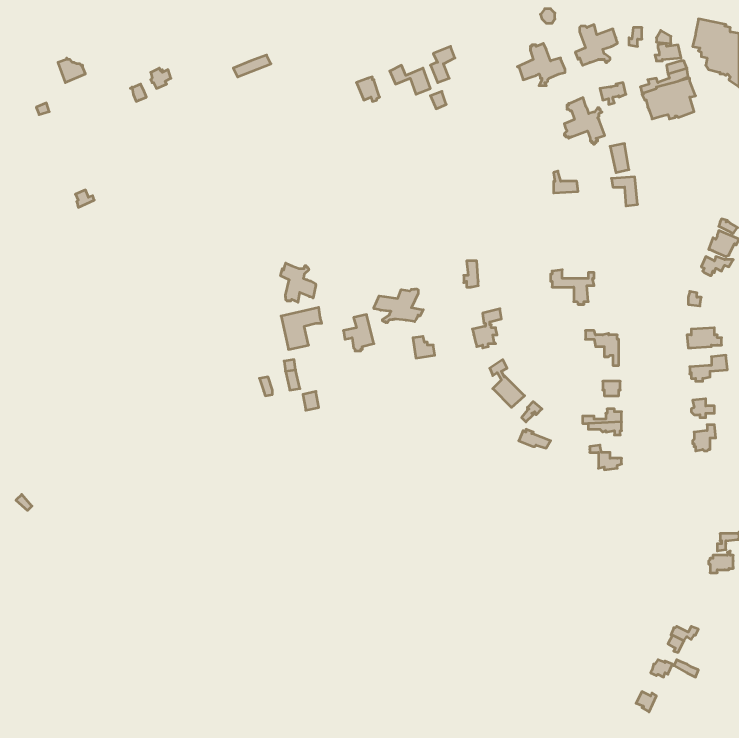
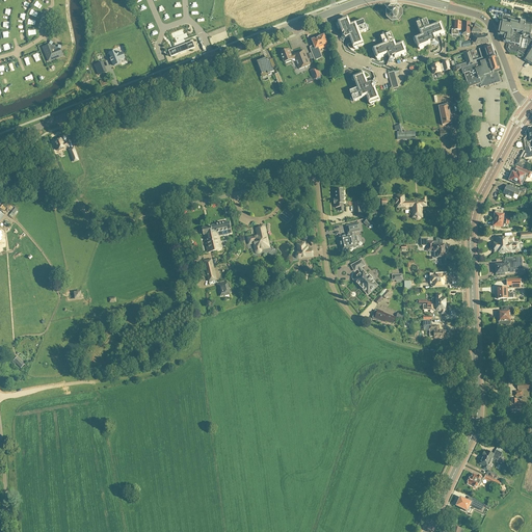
building: none -> [336,16,367,46]
building: [564,98,605,144] -> [349,71,378,104]
building: [281,263,316,302] -> none
building: [374,289,423,323] -> none

